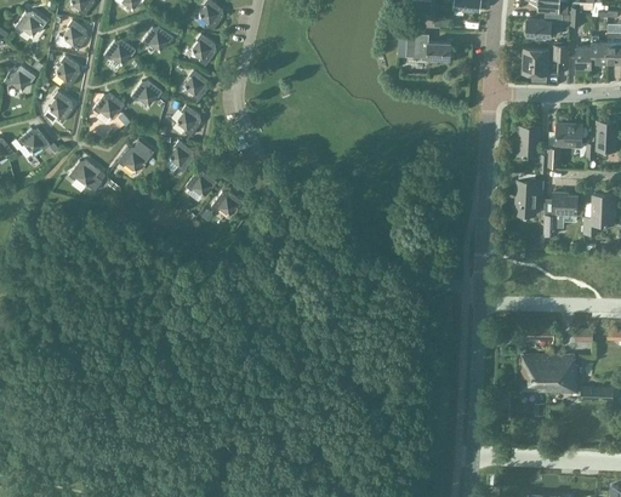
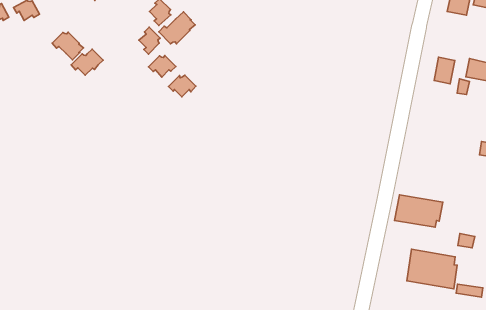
building: none -> [159,12,195,44]
building: [118,141,154,172] -> [71,49,103,75]
building: [517,179,545,215] -> none
building: [546,192,582,234] -> none
building: none -> [395,195,443,227]

